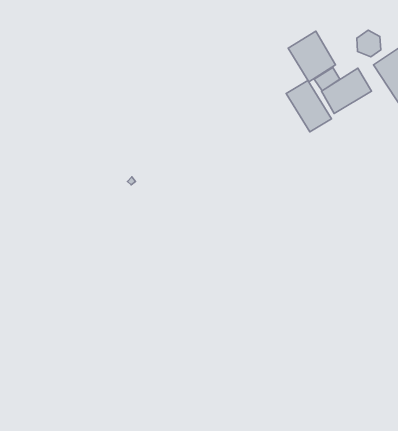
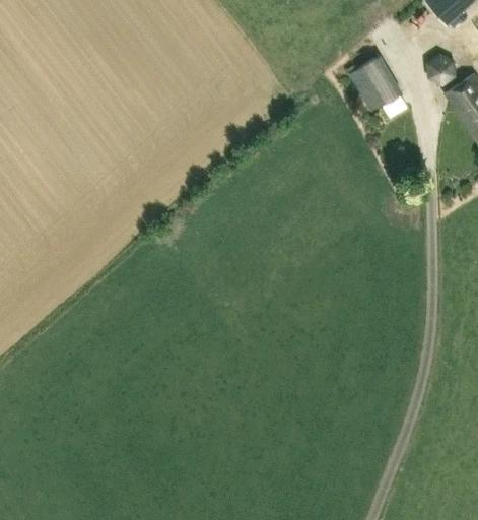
building: [322,68,371,114] -> none
building: [286,81,332,132] -> none

